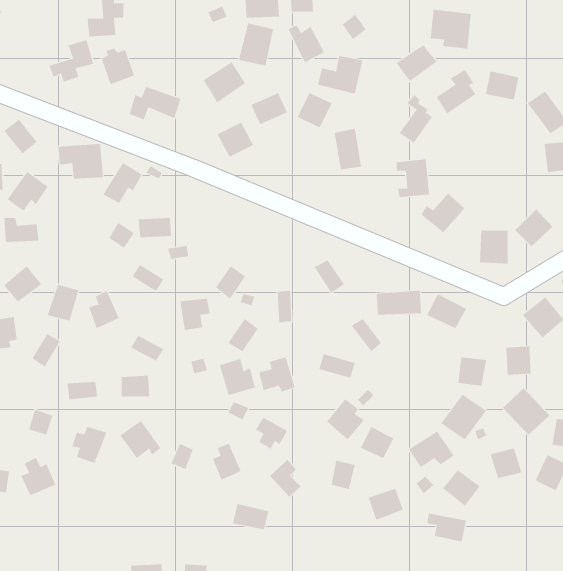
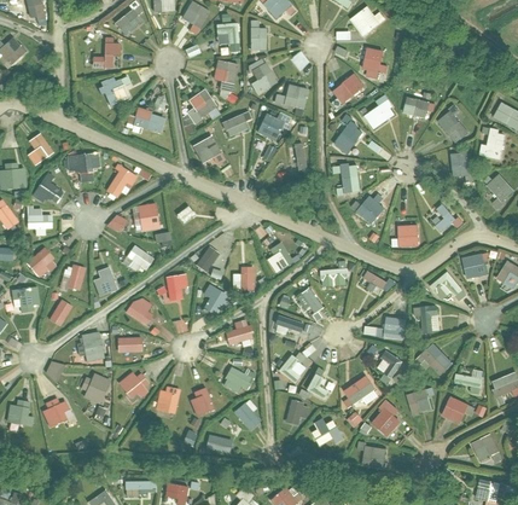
building: [49,40,94,83] -> none
building: [219,358,255,396] -> none

